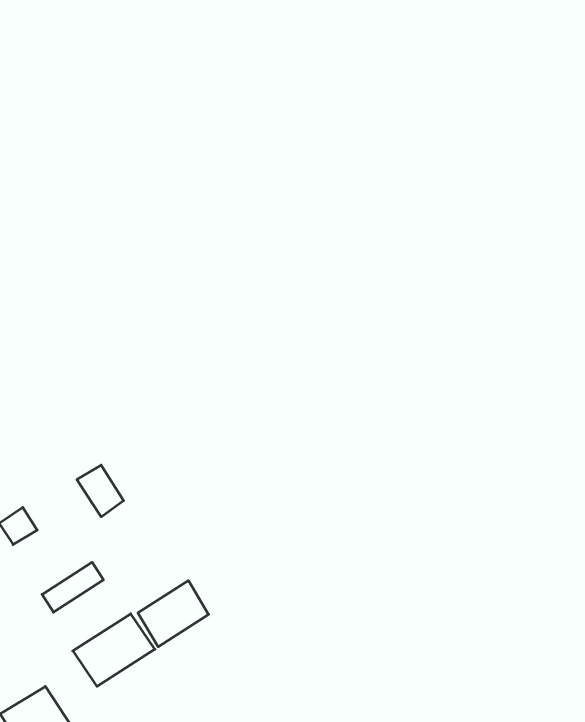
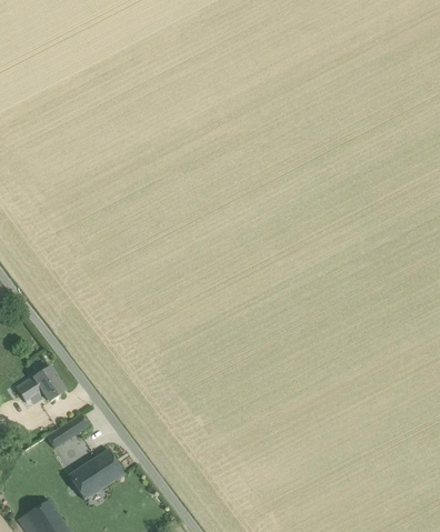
building: [77,465,124,517] -> [33,367,66,402]
building: [138,581,209,647] -> none

